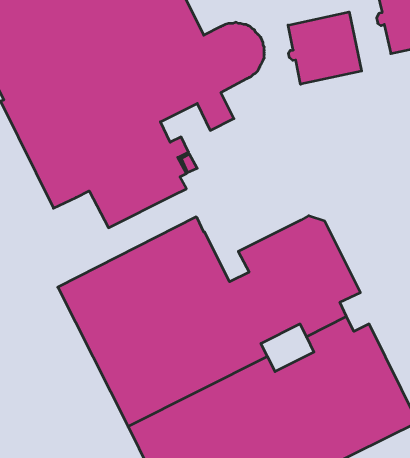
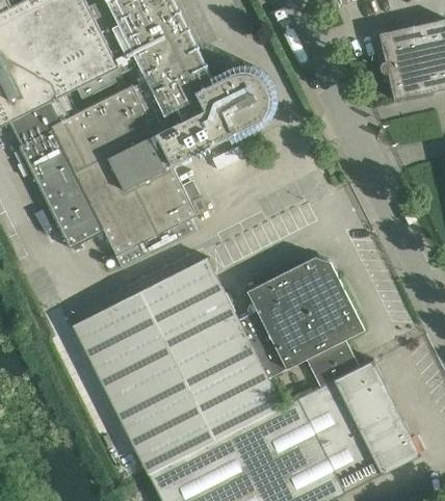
building: [288,12,362,84] -> none

